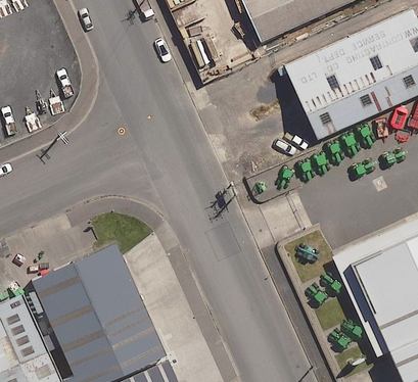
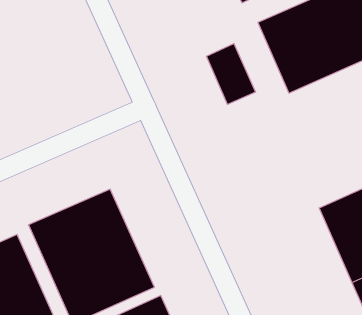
building: none -> [207,43,255,104]

